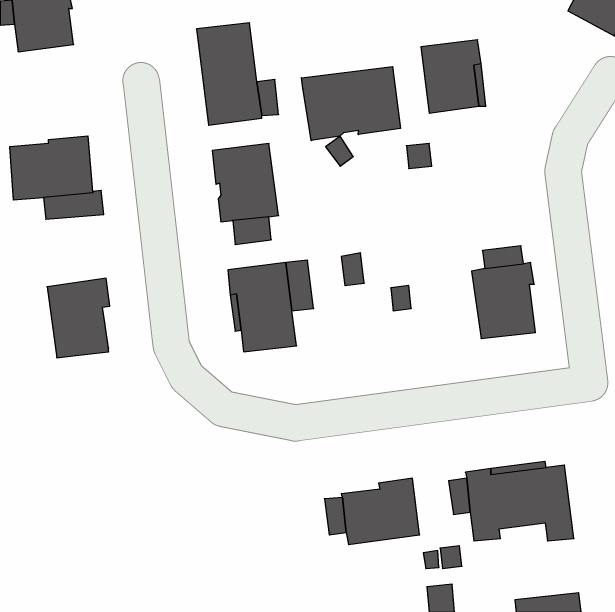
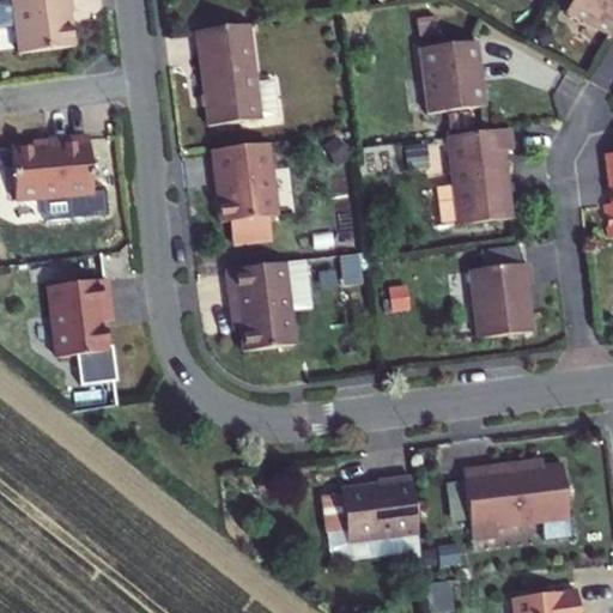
building: [301,67,400,141] -> none
building: none -> [448,127,512,224]
building: none -> [77,346,116,384]

